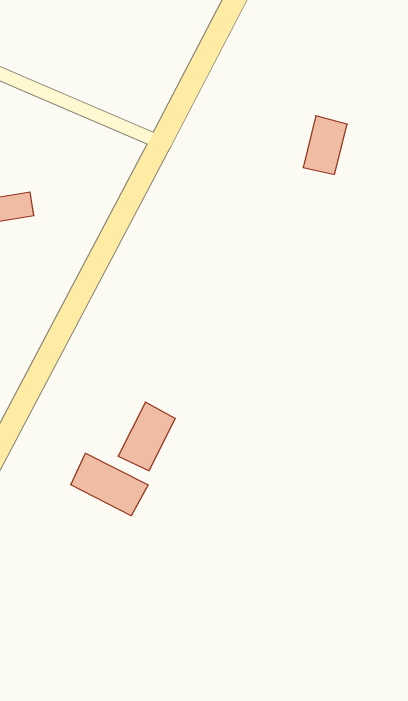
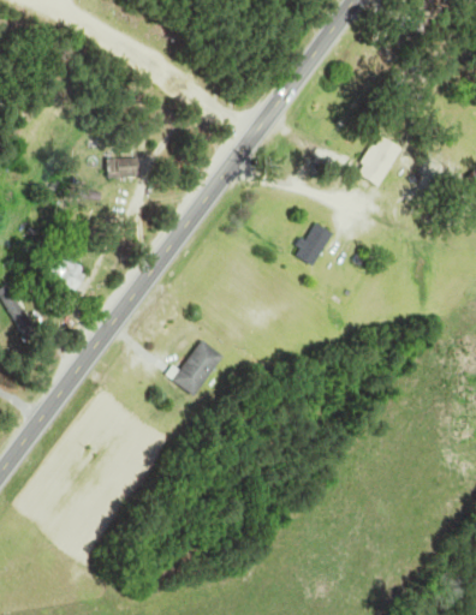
building: none -> [294,220,334,264]
building: [71,453,148,516] -> none

